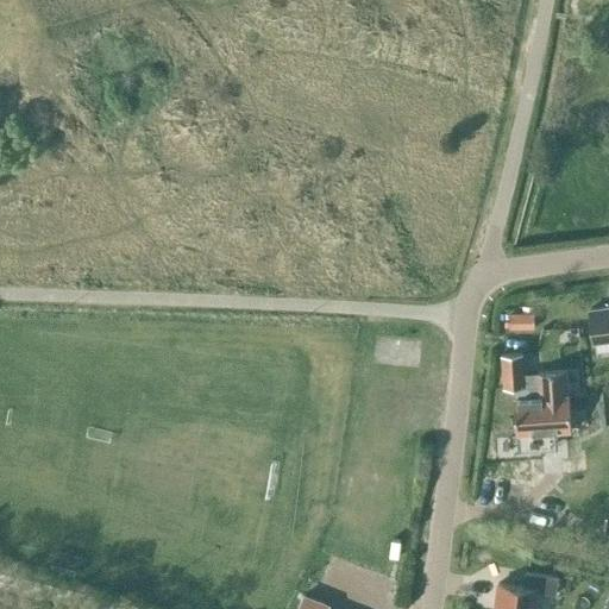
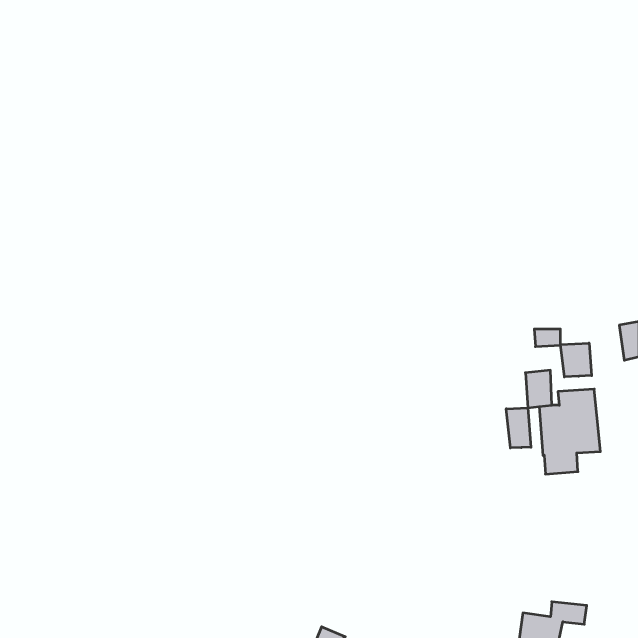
building: none -> [560,343,592,377]
building: none -> [506,408,531,448]

